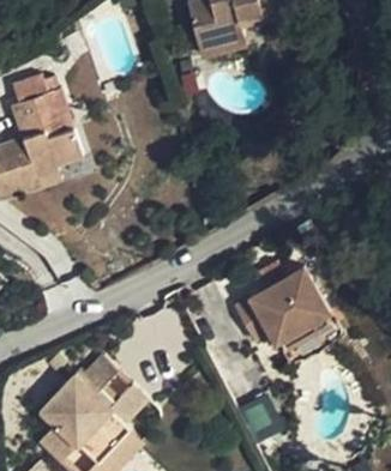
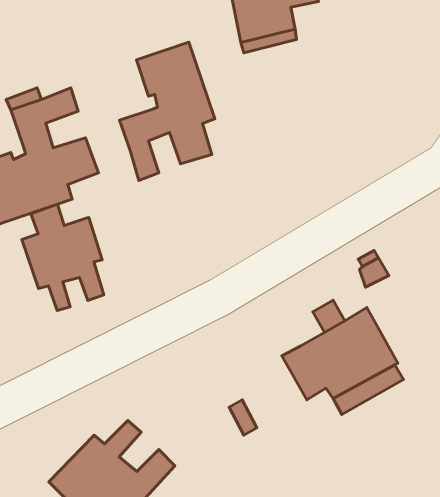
building: none -> [120,42,215,180]
building: none -> [22,204,104,311]

